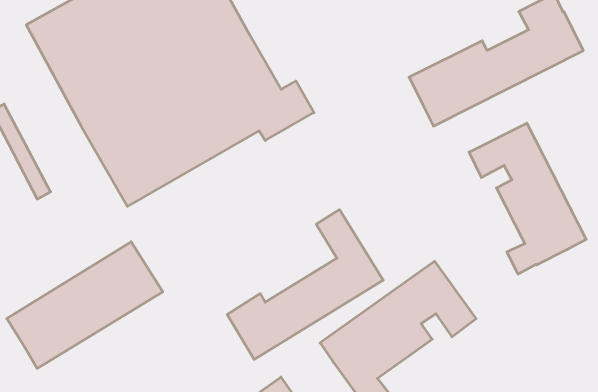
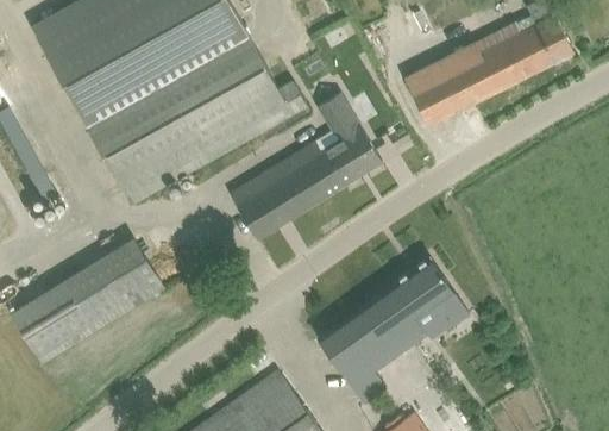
building: [469,123,586,274] -> none
building: [227,210,383,359] -> [231,92,383,238]

